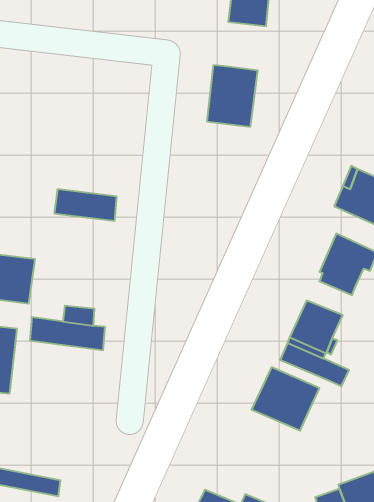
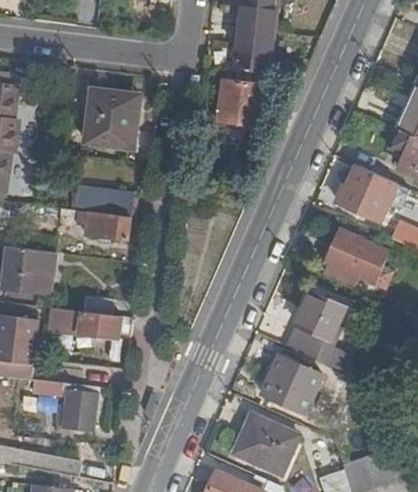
building: none -> [234,27,274,73]
building: none -> [84,89,139,148]
building: none -> [59,207,130,239]
building: none -> [34,380,98,435]
building: none -> [233,414,300,474]

